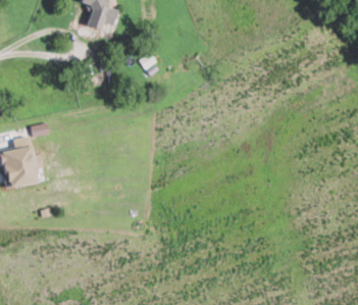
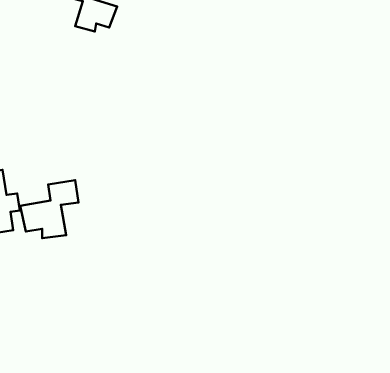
building: none -> [20,180,78,238]

